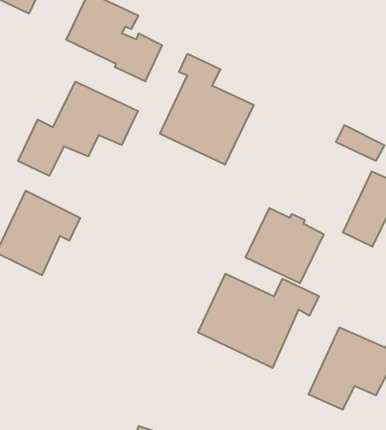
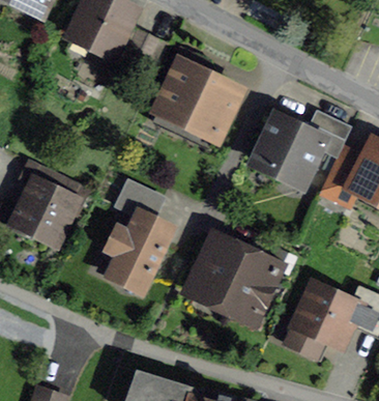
building: [18,82,138,176] -> none
building: [245,208,324,283] -> [253,120,321,185]
building: none -> [108,183,169,292]

